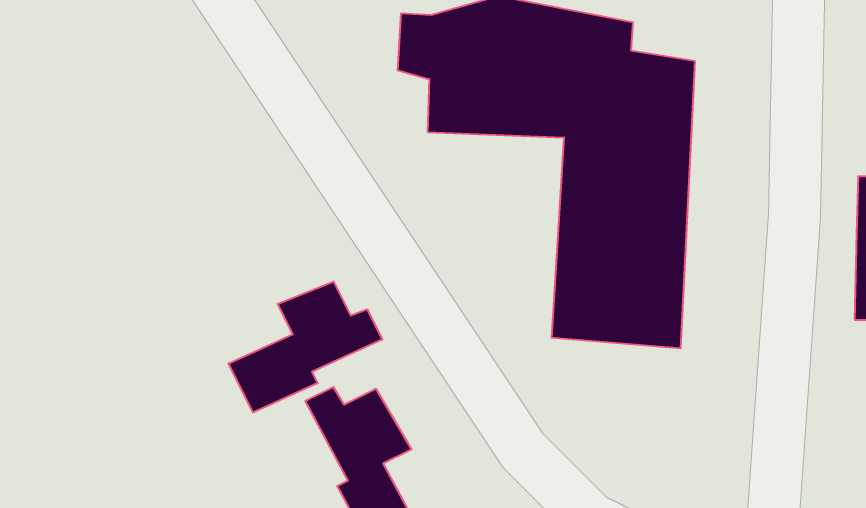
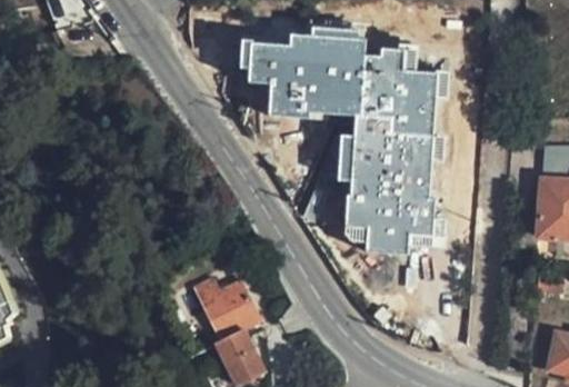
building: [228,281,382,413] -> none

